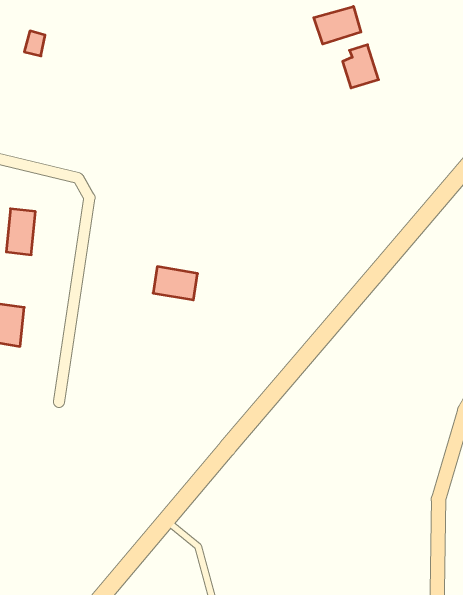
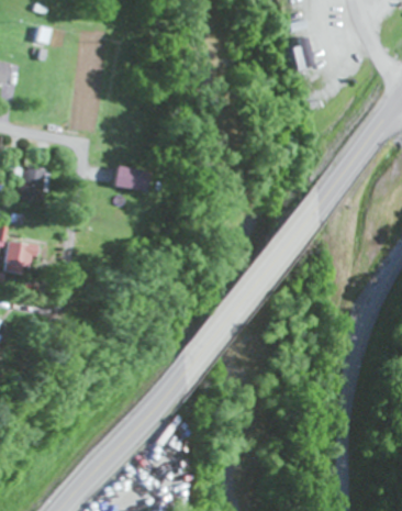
building: [314,6,361,44] -> none
building: [153,267,198,300] -> [105,165,141,191]

